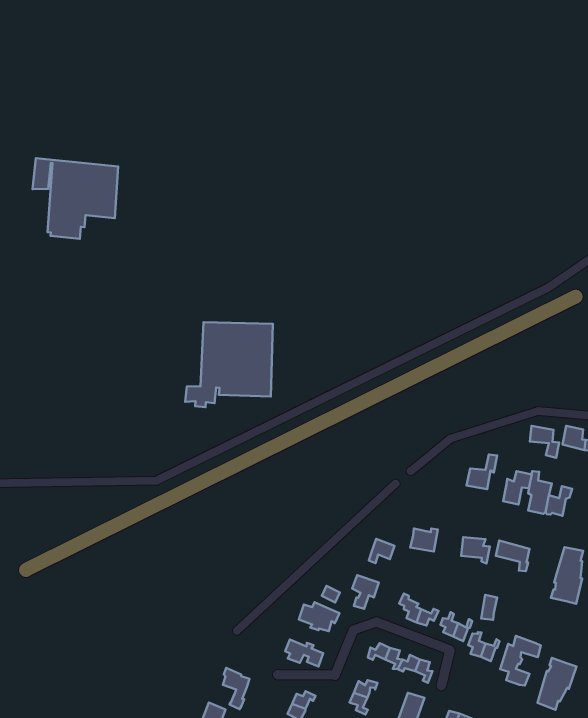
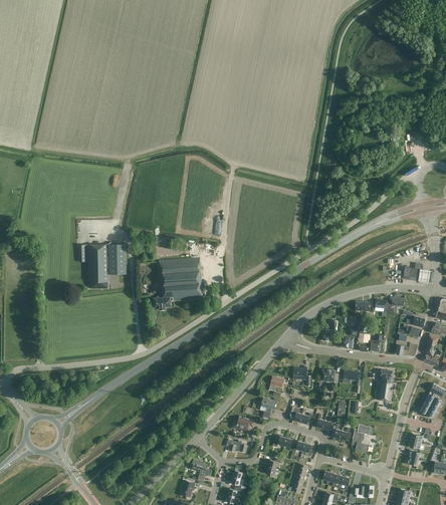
building: [33,158,118,239] -> [76,244,126,288]
building: [537,658,577,710] -> none

